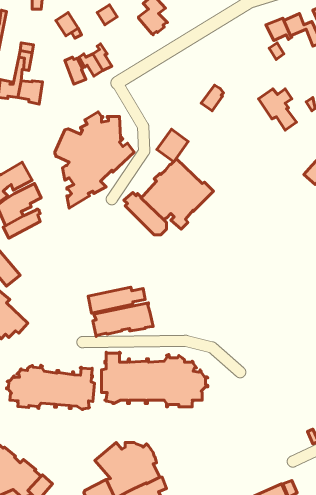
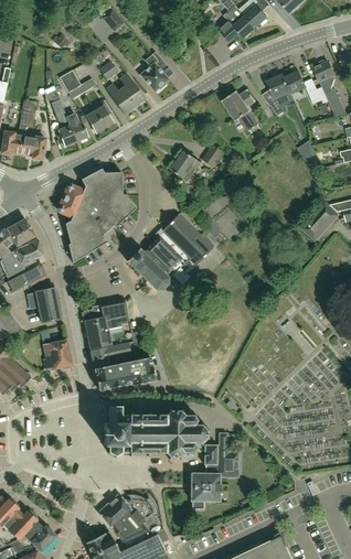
building: none -> [106,74,145,114]
building: none -> [44,86,76,148]
building: [258,89,296,130] -> [222,90,259,131]
building: [157,129,188,162] -> [170,150,201,182]
building: none -> [29,287,63,321]
building: none -> [84,299,146,348]
building: none -> [43,329,73,367]
building: [6,365,95,410] -> none
building: none -> [191,432,238,508]

